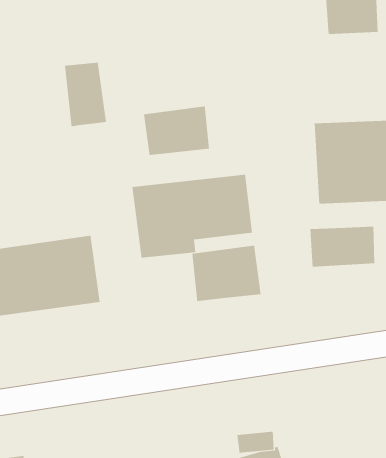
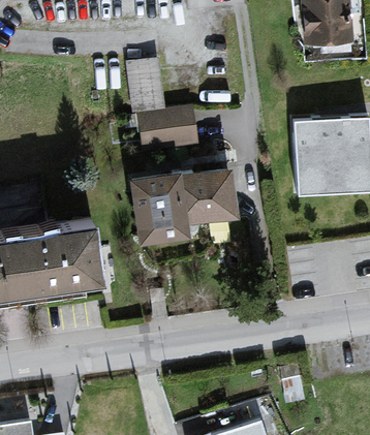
building: [64,62,107,127] -> [127,58,165,116]
building: [310,226,375,267] -> none
building: [192,245,261,302] -> none

